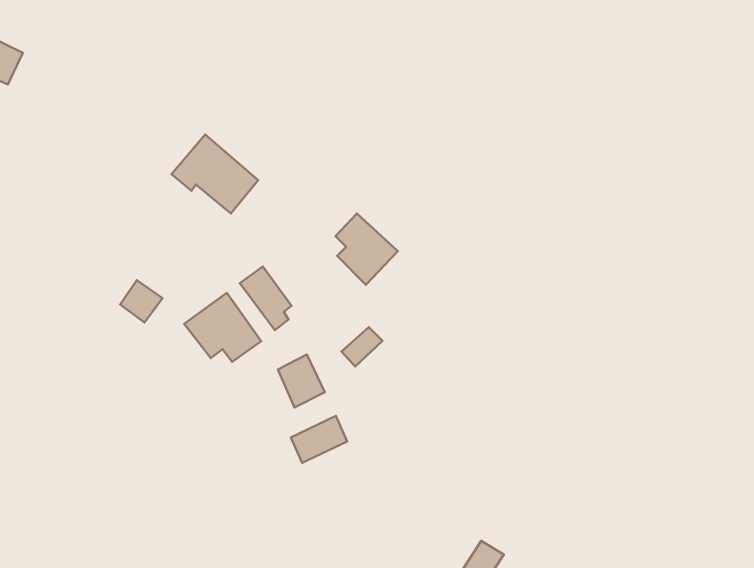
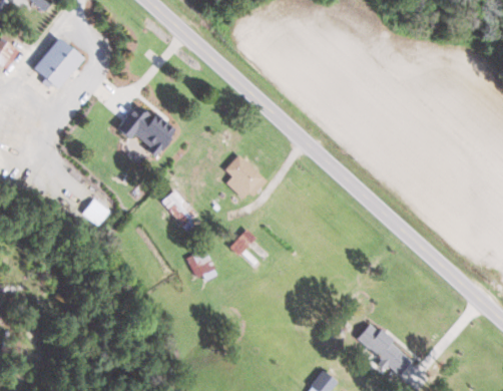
building: none -> [32,37,83,89]
building: [184,293,261,362] -> none
building: [291,416,347,463] -> none
building: none -> [356,323,412,375]

